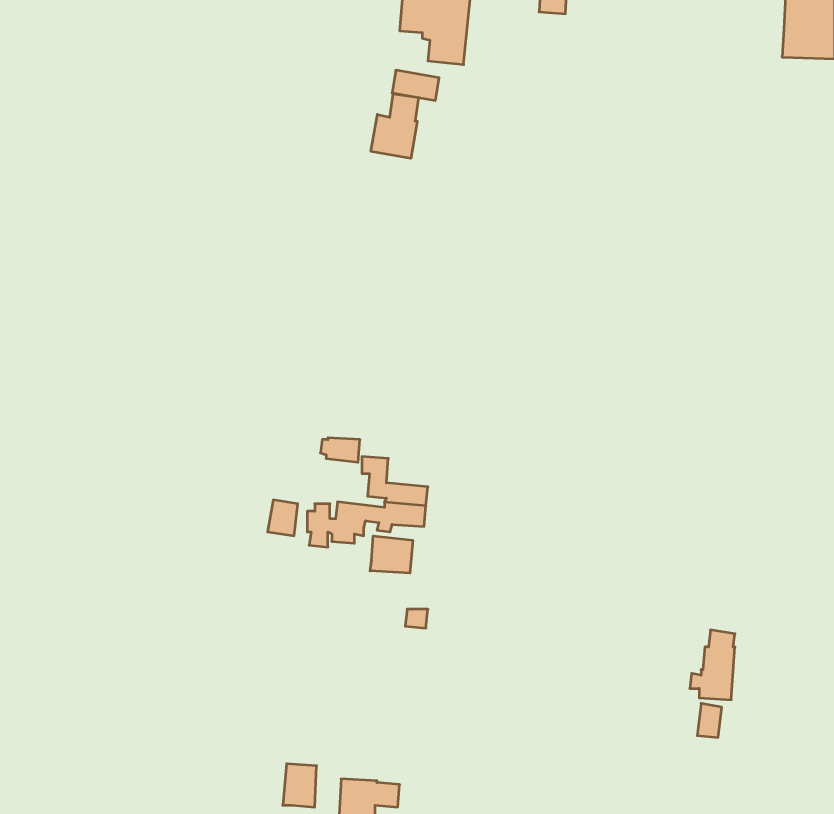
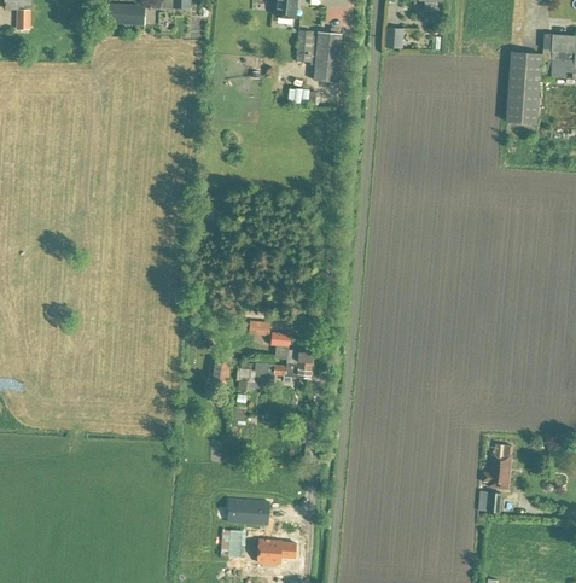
building: none -> [506,52,541,123]
building: [371,94,418,158] -> none
building: [370,536,413,573] -> none
building: none -> [227,499,269,525]

